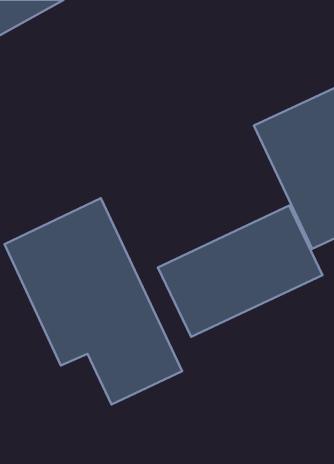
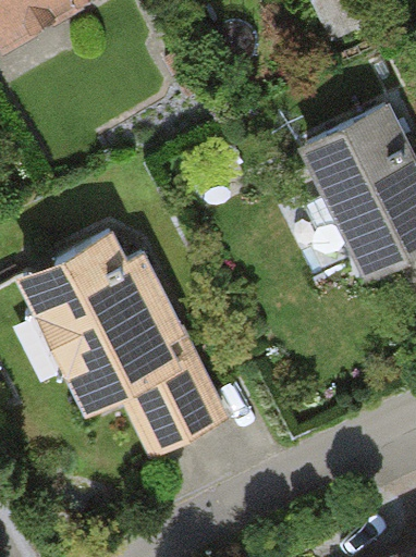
building: [158,206,323,337] -> none

